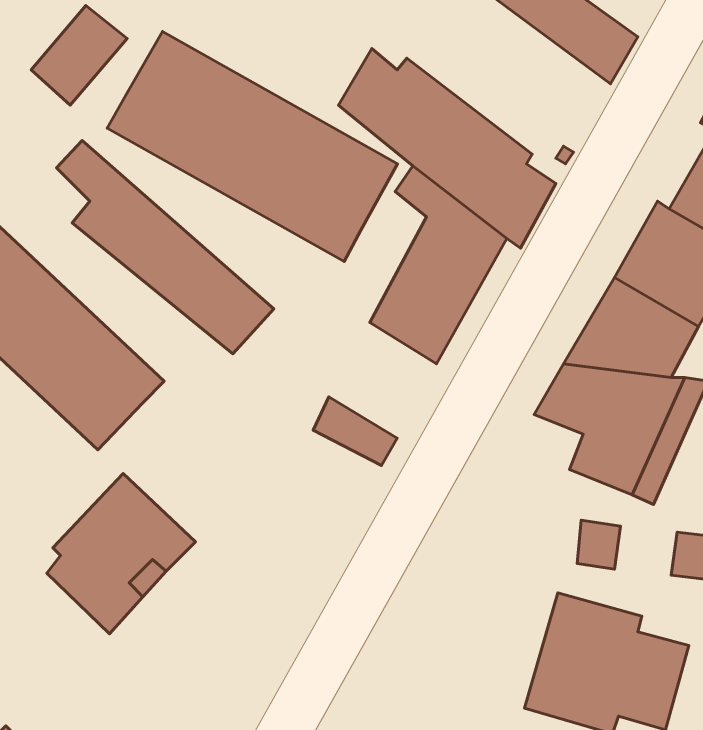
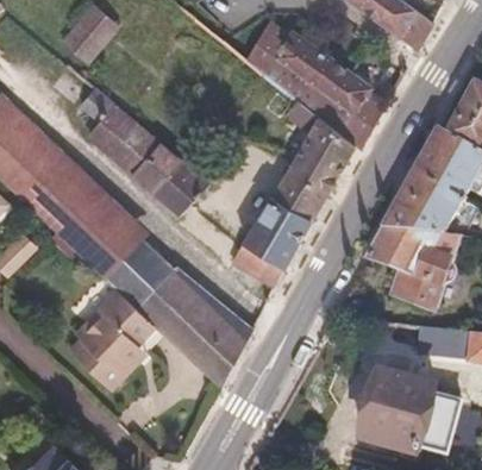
building: [107,31,397,261] -> none
building: none -> [244,196,309,267]
building: none -> [104,245,249,383]

